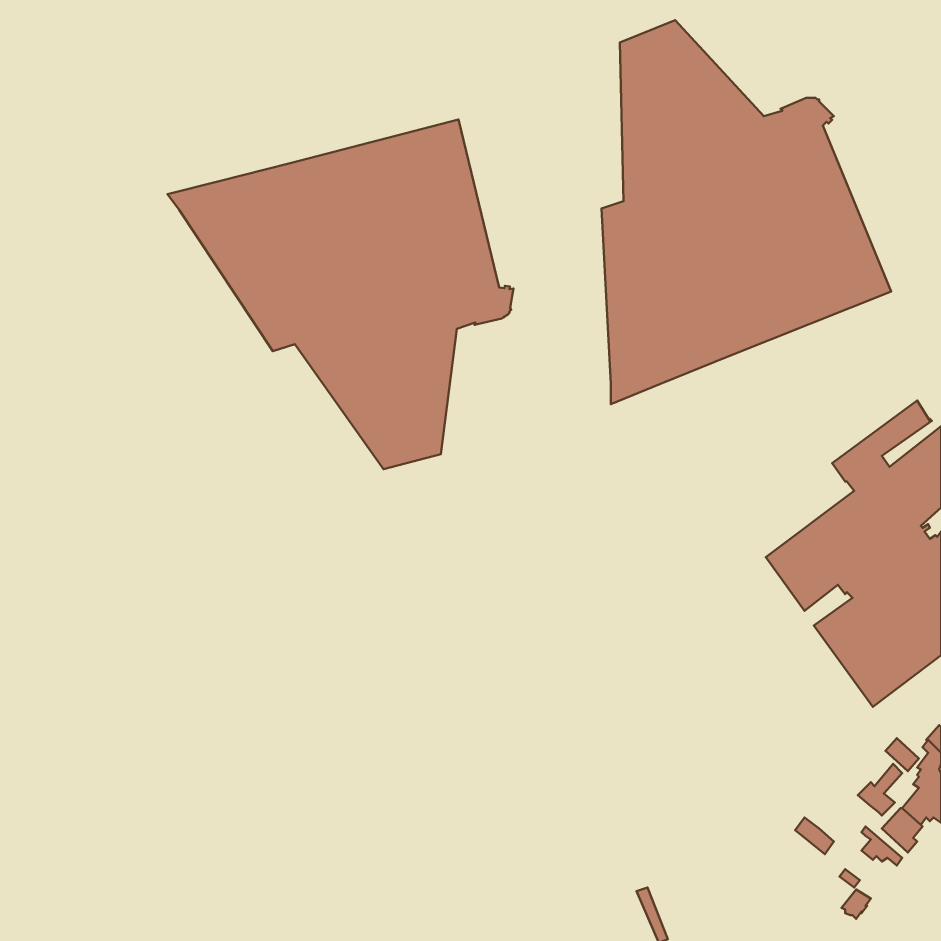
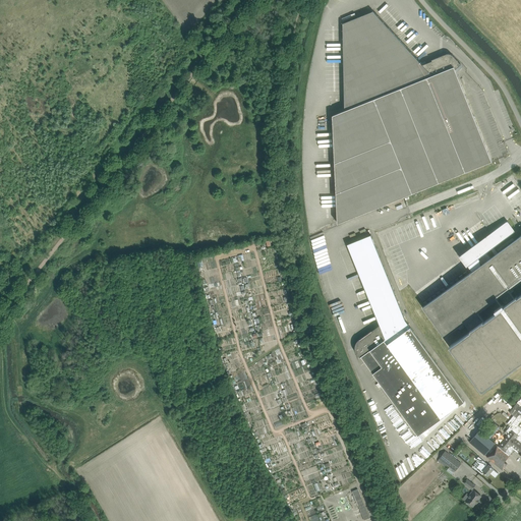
building: [167,119,513,469] -> none
building: none -> [346,235,463,436]

